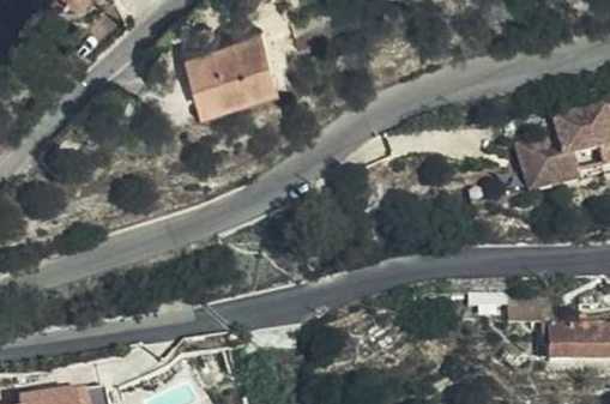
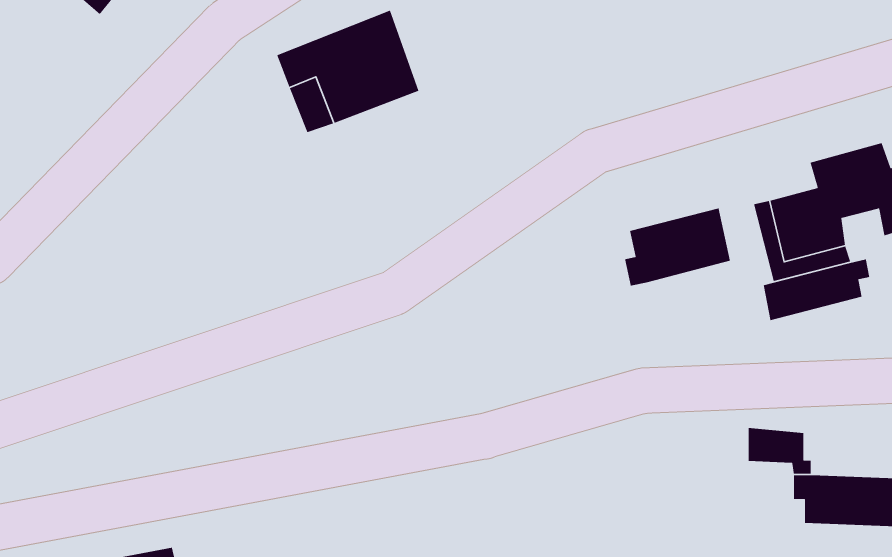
building: none -> [624,208,731,287]
building: none -> [763,259,870,321]

